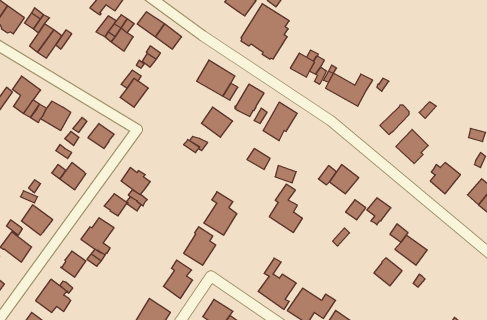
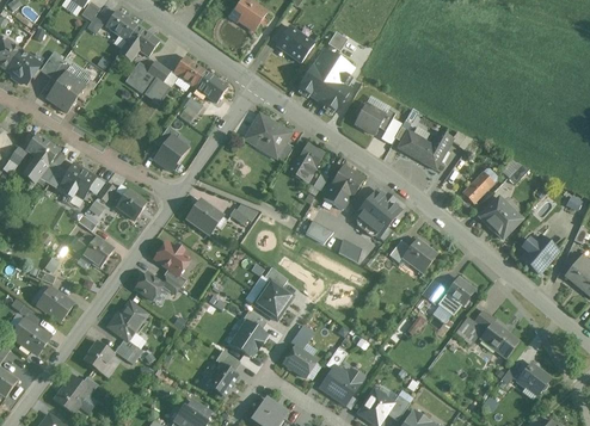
building: [201,107,233,137] -> [185,198,222,234]
building: none -> [354,185,399,229]
building: [269,184,302,232] -> [281,325,320,382]
building: [374,258,402,286] -> [516,362,549,395]

